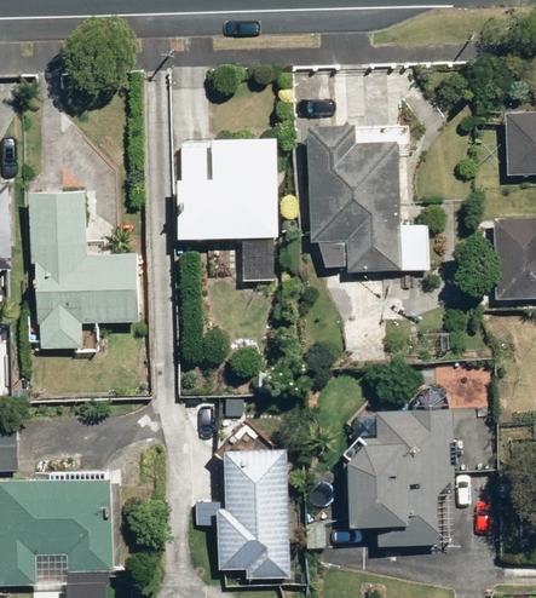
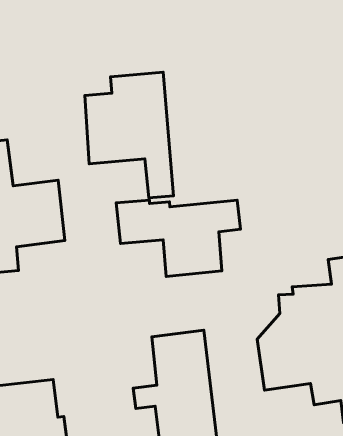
building: [306,122,428,271] -> none
building: none -> [116,200,240,276]

